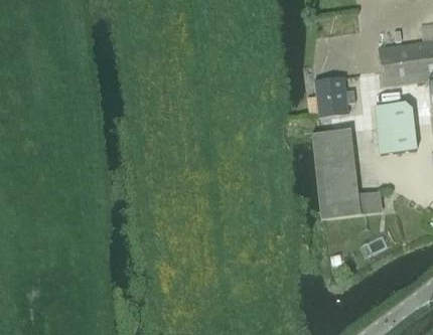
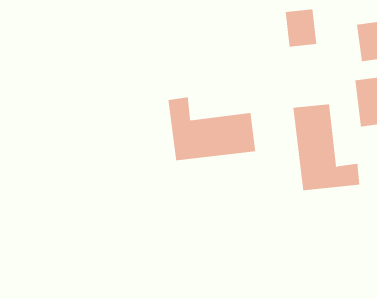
building: [315,76,348,116] -> [285,9,317,47]
building: none -> [168,97,256,161]

